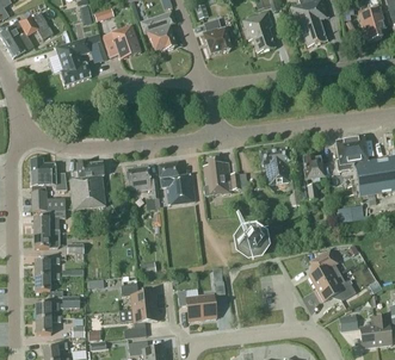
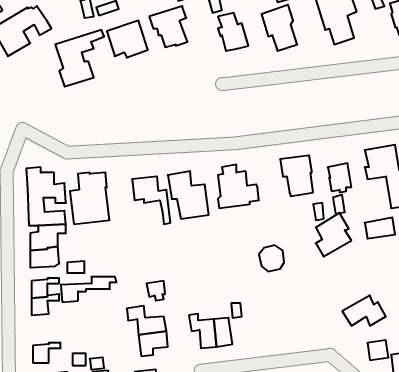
building: [308,248,340,287] -> [316,213,351,257]
building: [35,296,85,318] -> [61,277,116,302]

